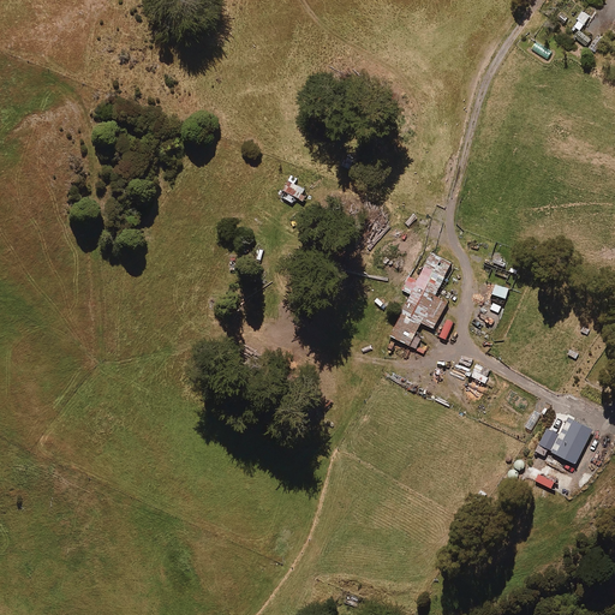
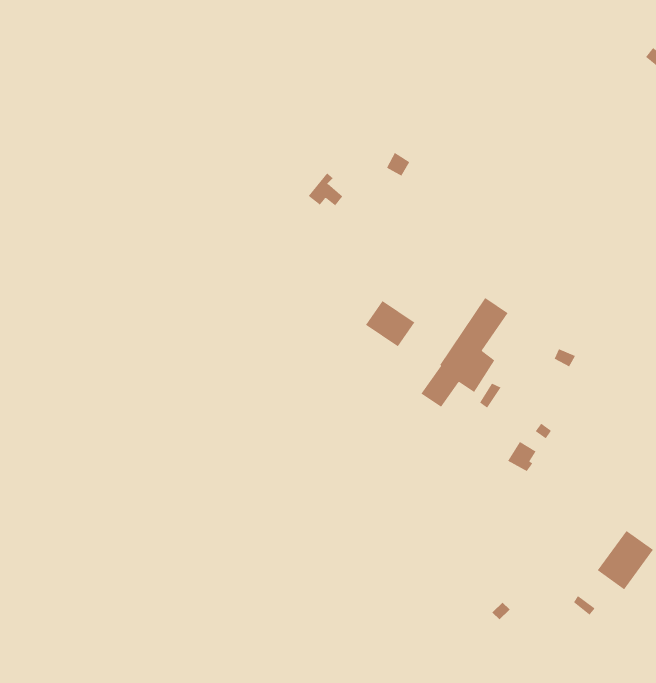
building: none -> [365,300,415,347]

